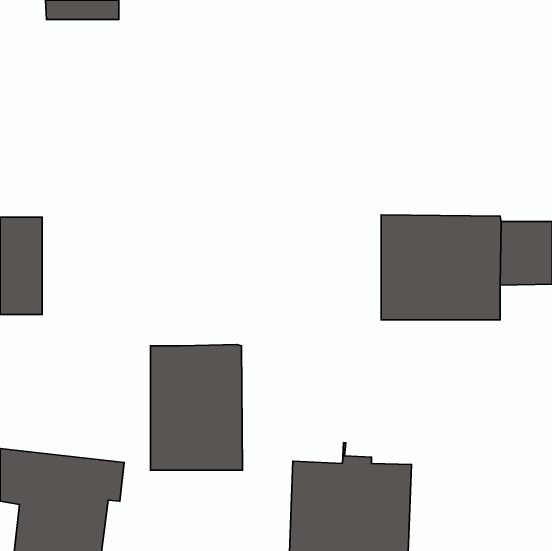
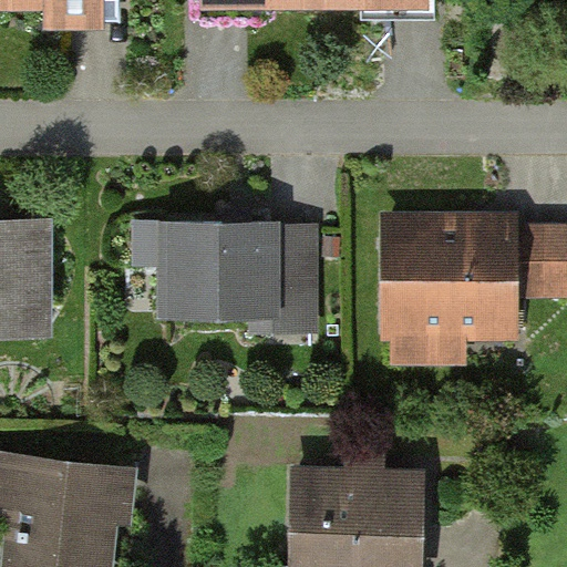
building: none -> [168,223,315,313]
building: [151,345,242,470] -> none

